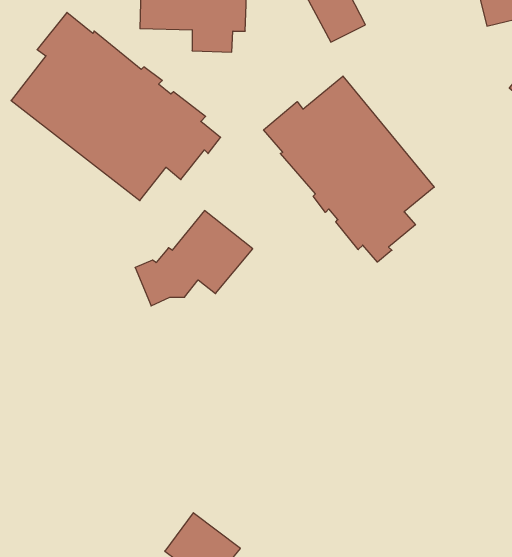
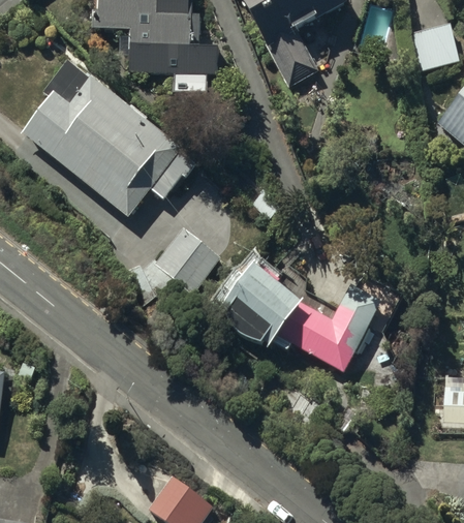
building: [264,76,434,262] -> none
building: none -> [227,264,382,368]

